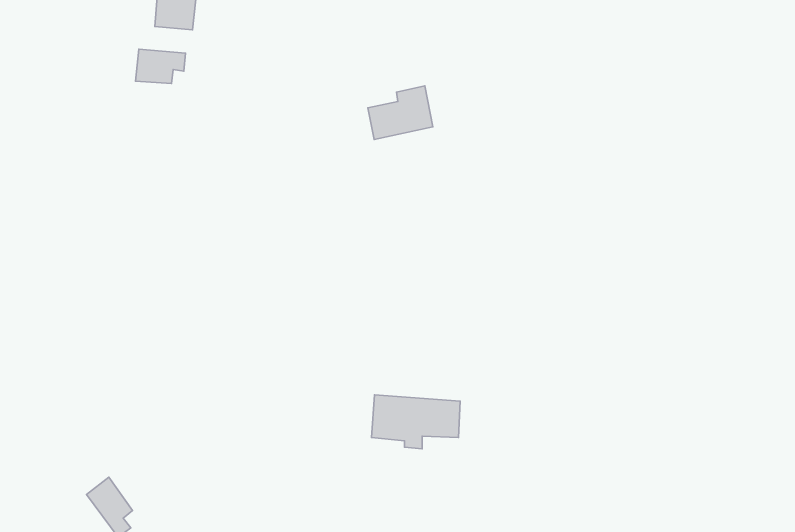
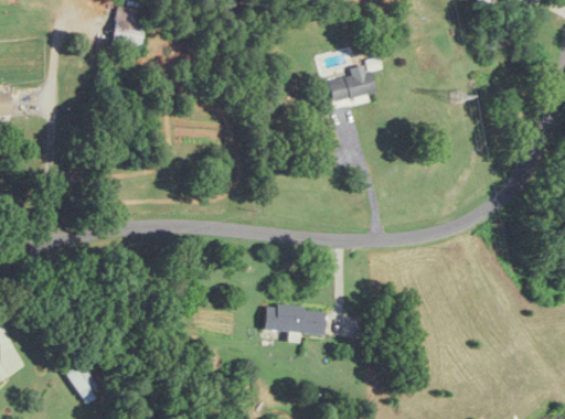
building: [135,49,186,83] -> none
building: [368,86,433,140] -> [329,64,374,101]

